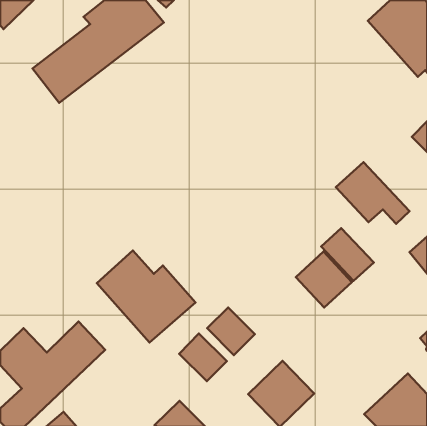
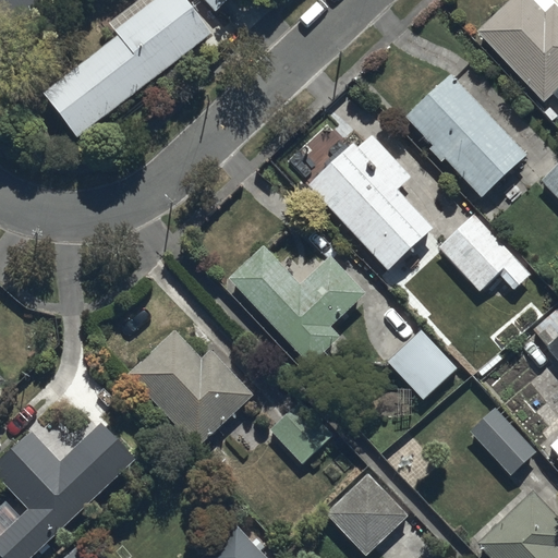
building: none -> [407,72,526,197]
building: none -> [307,136,434,269]
building: none -> [228,243,366,365]
building: [321,228,374,281] -> [470,407,538,475]
building: [179,333,227,381] -> none

